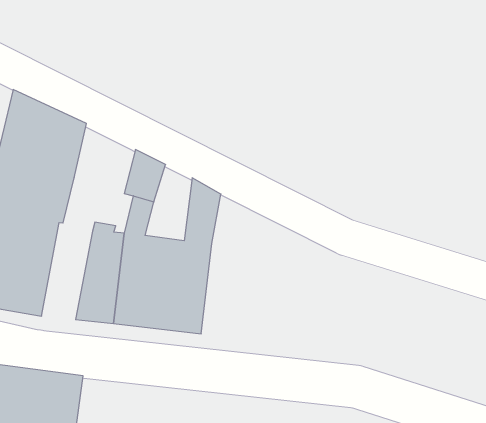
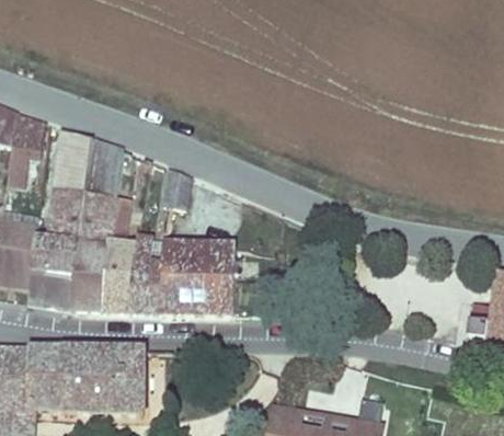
building: none -> [101,192,136,309]

